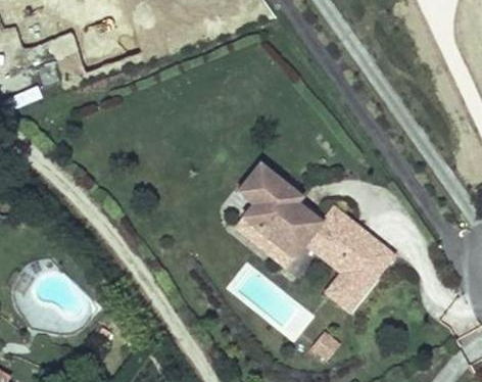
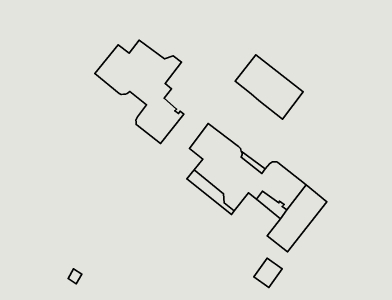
building: none -> [95,40,184,144]
building: none -> [235,55,303,119]

